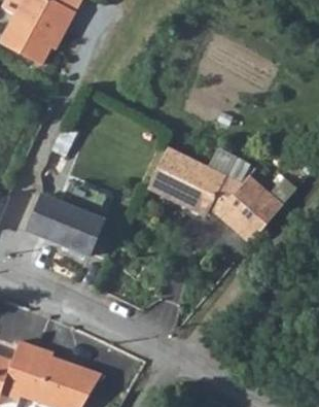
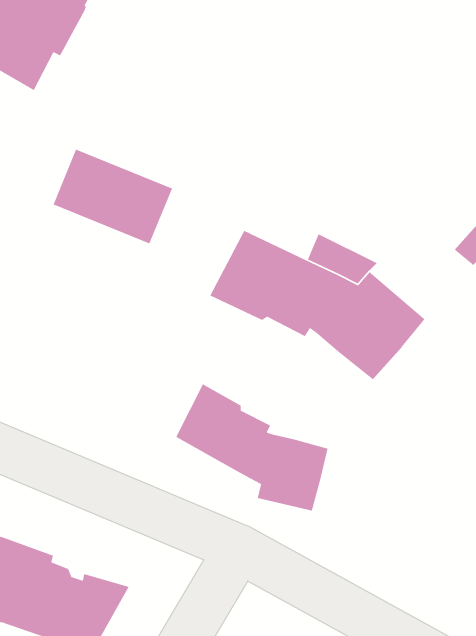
building: [29,196,104,256] -> [53,149,173,244]
building: none -> [175,383,329,512]

